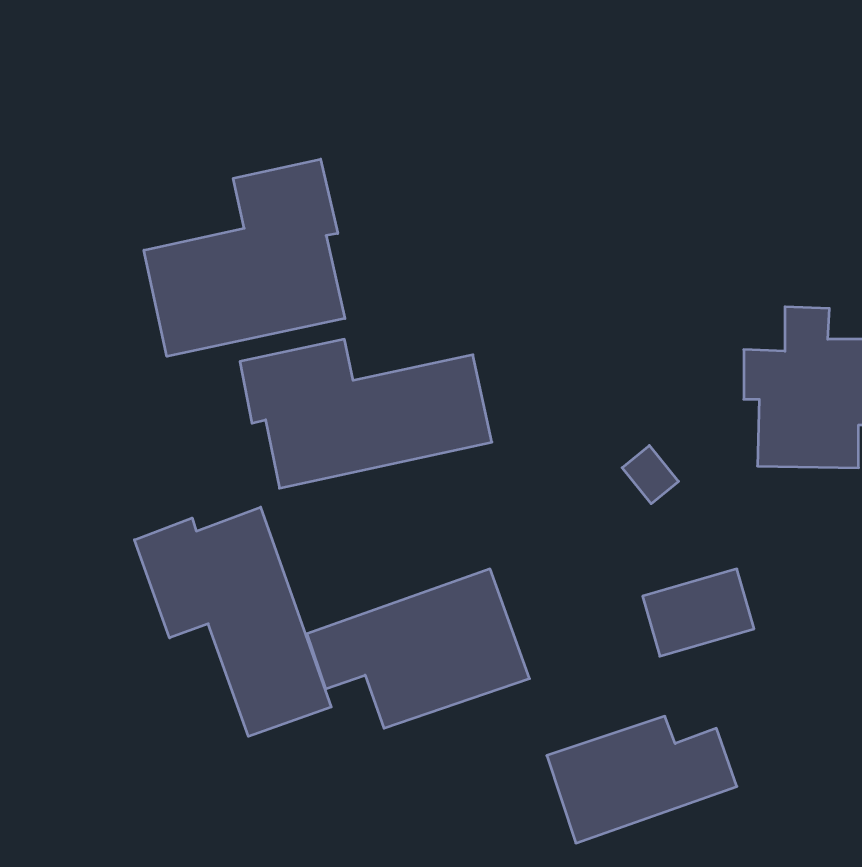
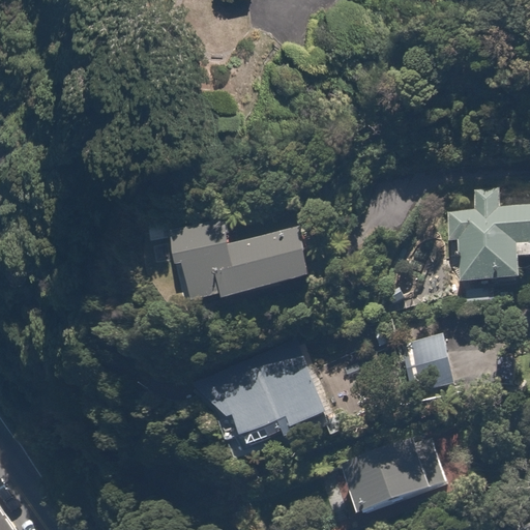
building: [144,159,345,356] -> none
building: [134,507,331,736] -> none

